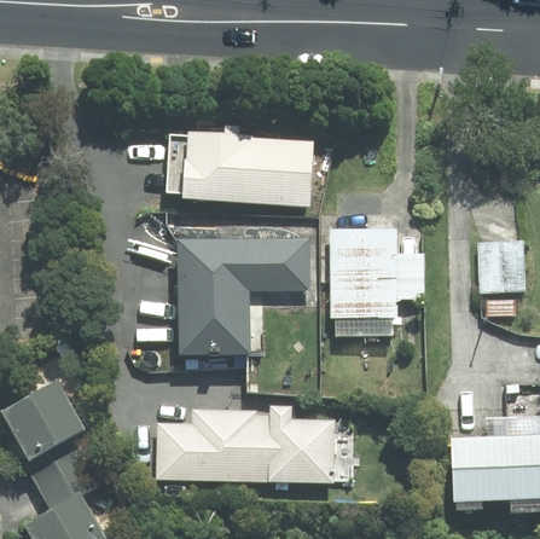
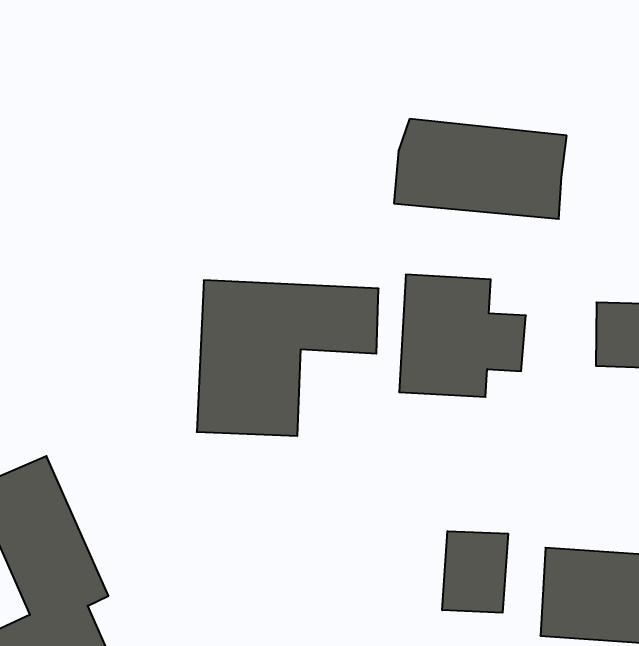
building: [179,135,310,207] -> [394,119,567,219]
building: [157,404,335,483] -> none
building: none -> [442,531,508,613]

